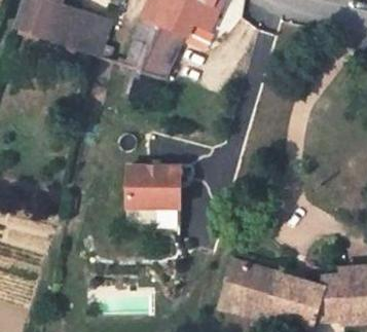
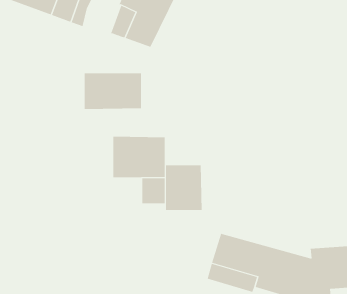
building: none -> [84,72,141,110]
building: none -> [165,165,202,211]

